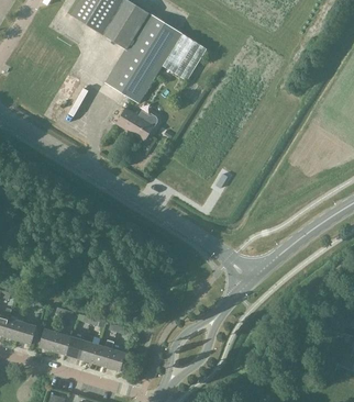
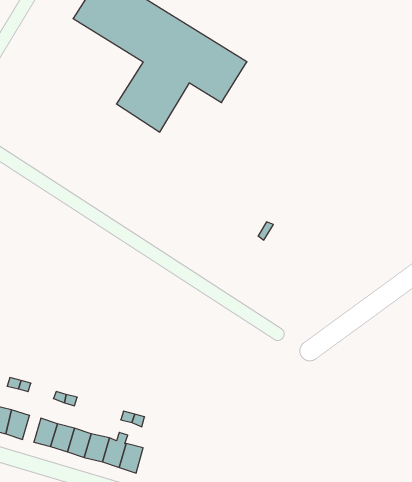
building: [115,109,157,142] -> none

